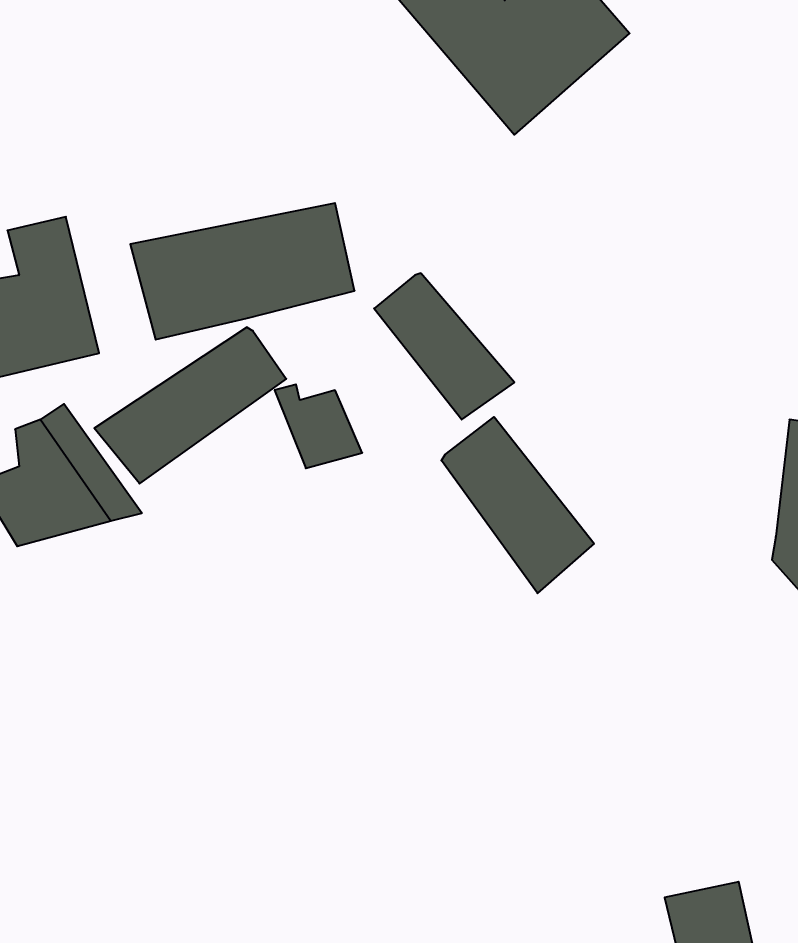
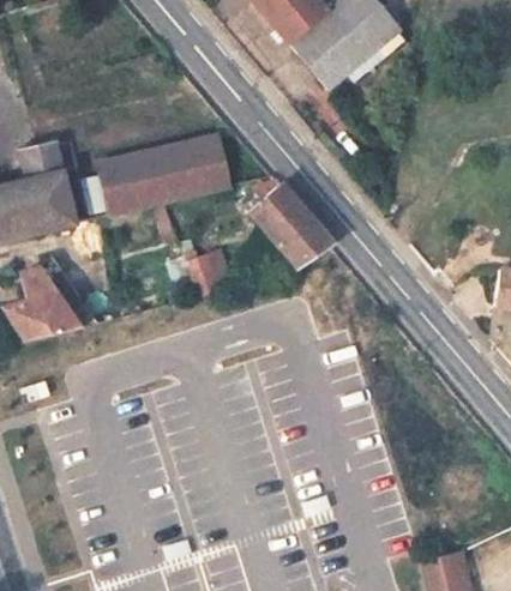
building: [94,327,286,484] -> none
building: [441,417,594,593] -> none

